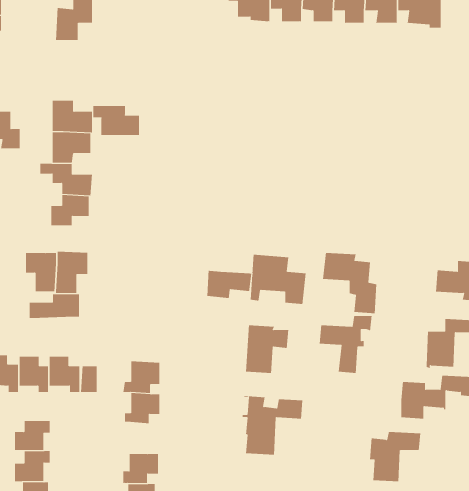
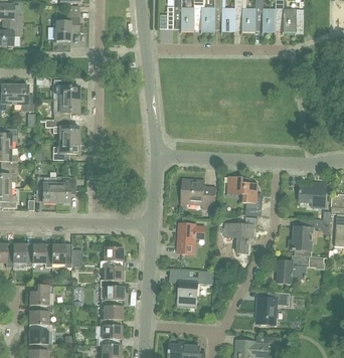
building: [93,105,140,136] -> none
building: [207,270,252,299] -> none
building: [29,293,80,319] -> none
building: none -> [100,286,123,306]

